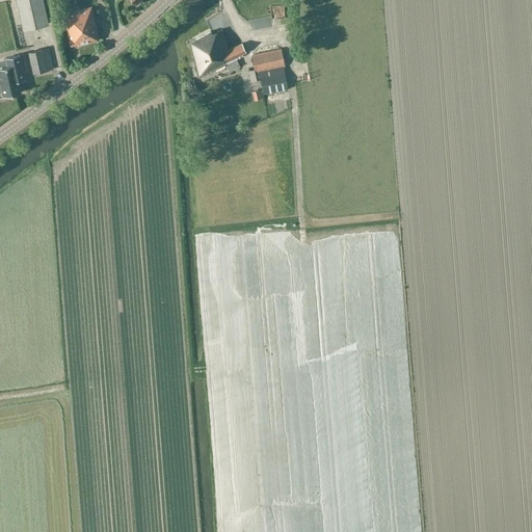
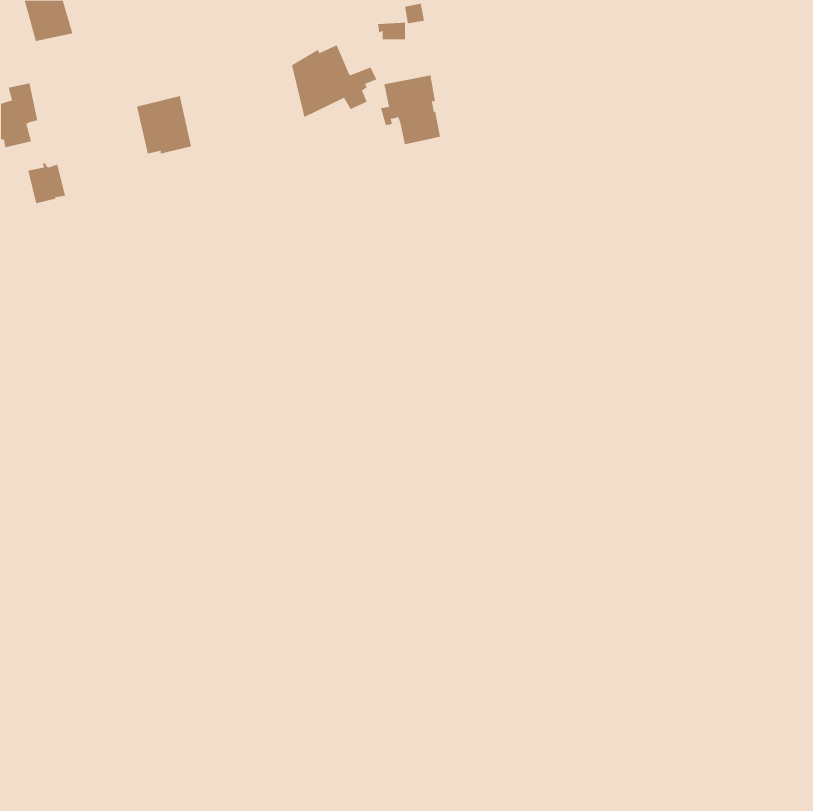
building: [62,7,99,46] -> [136,95,192,154]
building: [28,48,53,75] -> [27,162,66,204]

